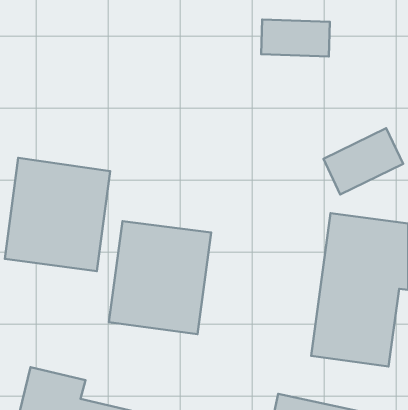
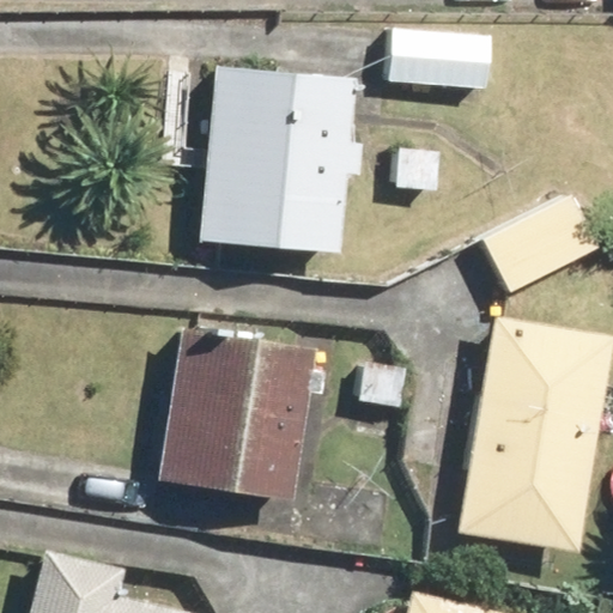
building: none -> [204,71,364,249]
building: [5,158,110,271] -> none

